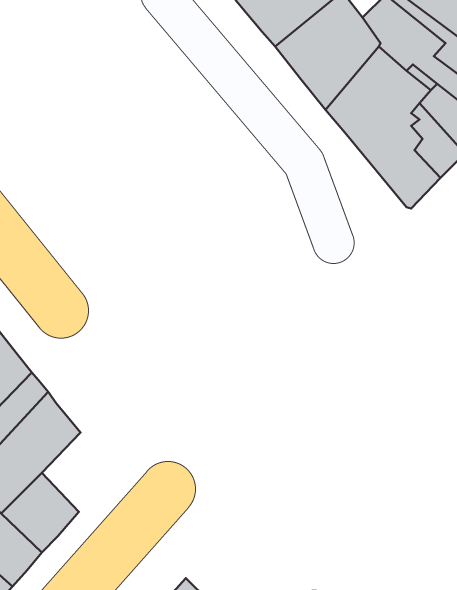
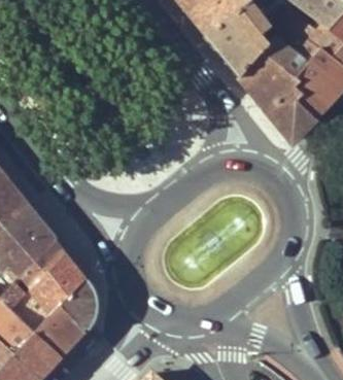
building: none -> [61,279,98,330]

